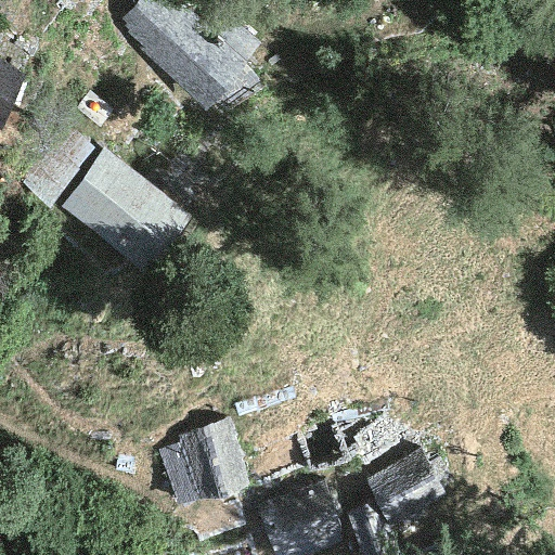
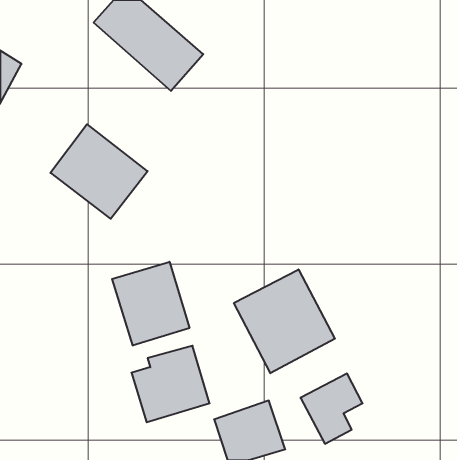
building: none -> [112,262,189,346]
building: none -> [234,269,335,373]

